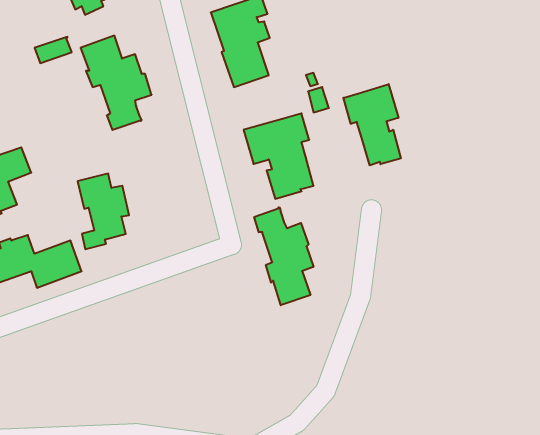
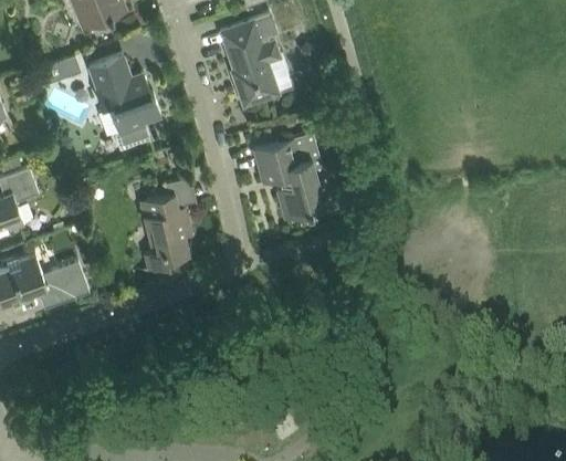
building: [343,84,401,165] -> none
building: [78,174,129,249] -> [140,193,192,270]
building: [254,207,313,305] -> none

